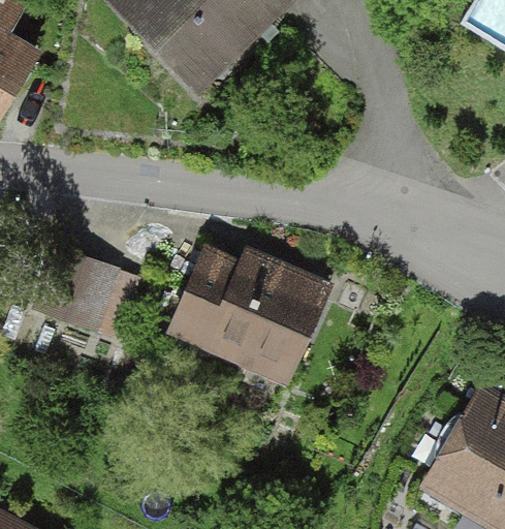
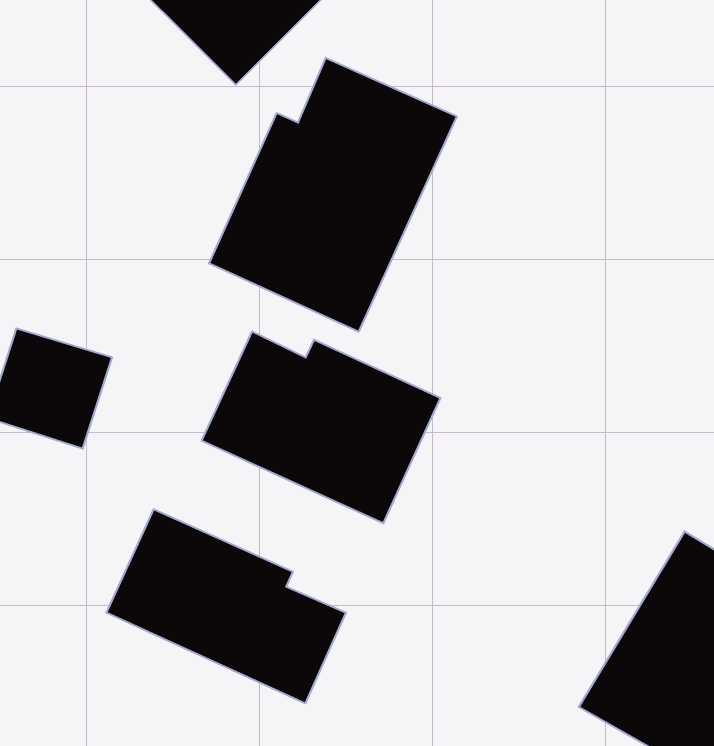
building: none -> [209,58,457,332]
building: none -> [107,509,346,703]

